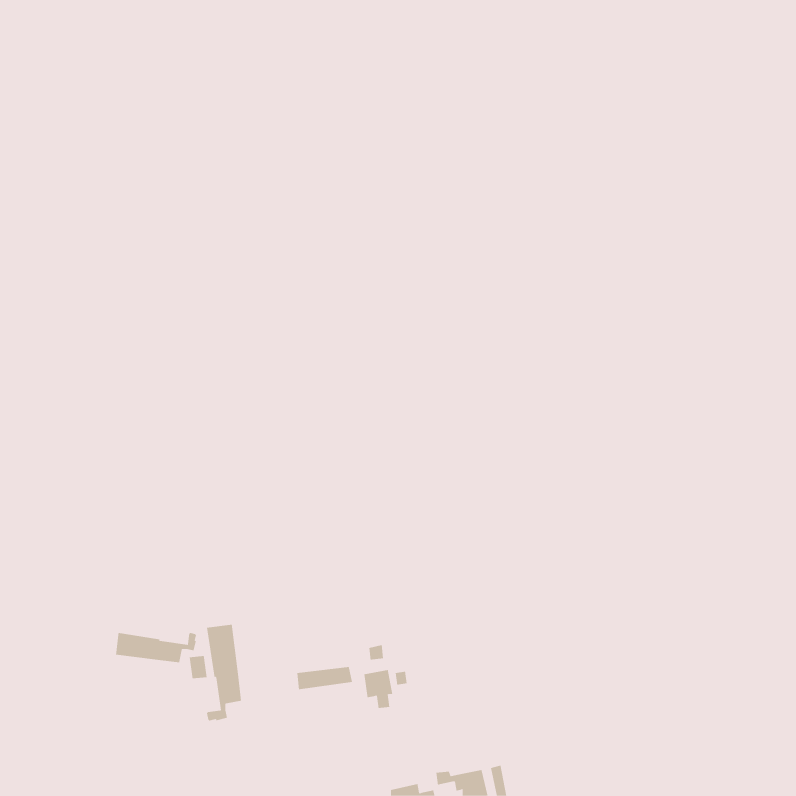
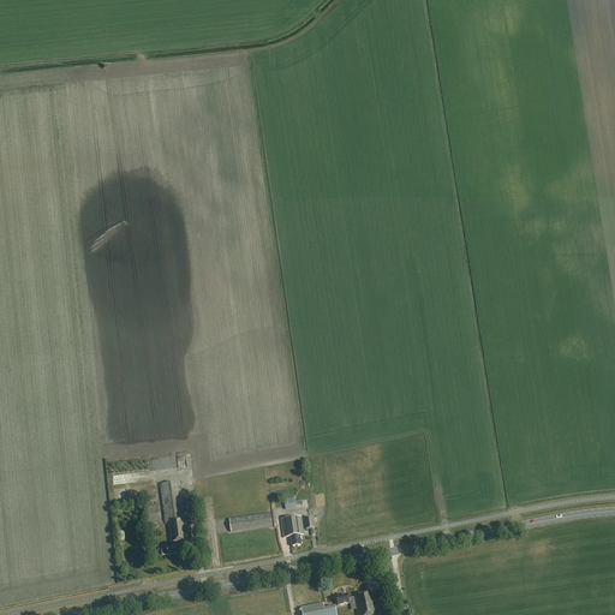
building: [116,632,197,663] -> none

